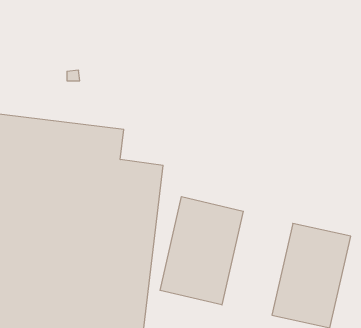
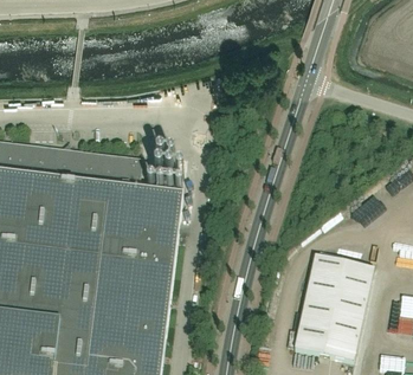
building: [160,197,243,305] -> none

